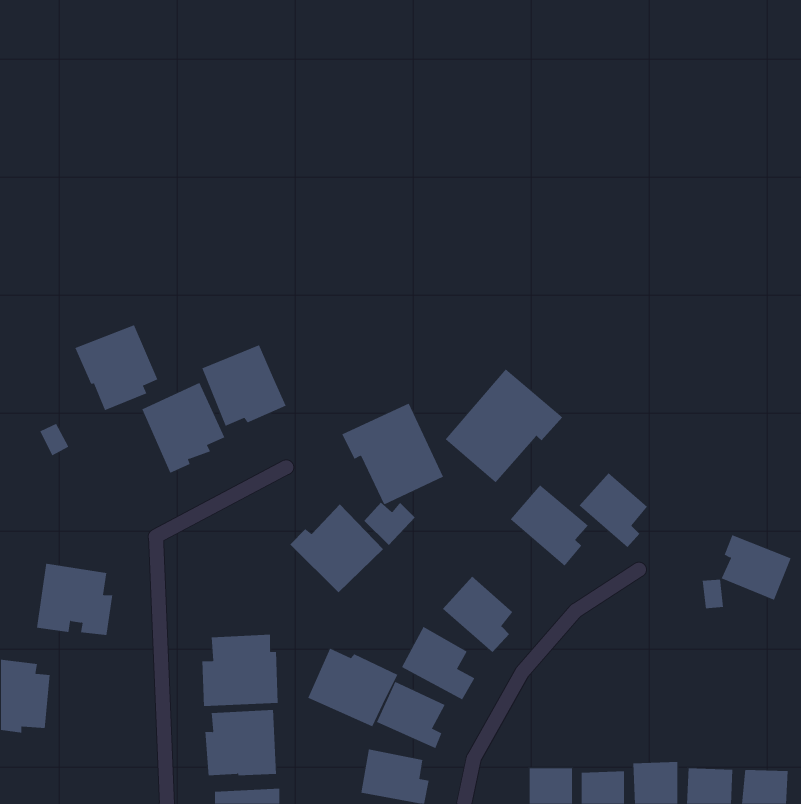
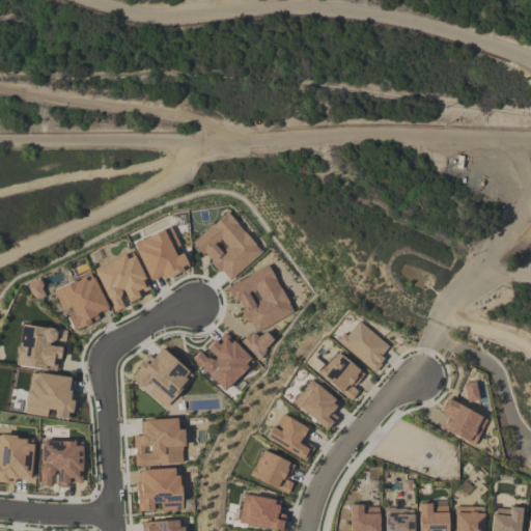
building: none -> [194,213,263,282]
building: [75,324,158,411] -> [54,274,109,331]
building: [445,368,563,483] -> none
building: [579,472,648,548] -> [318,352,364,401]
building: none -> [17,325,68,371]
building: none -> [132,348,194,407]
building: [721,534,792,601] -> [441,401,487,445]
building: [307,648,398,727] -> none
building: none -> [40,441,84,486]

